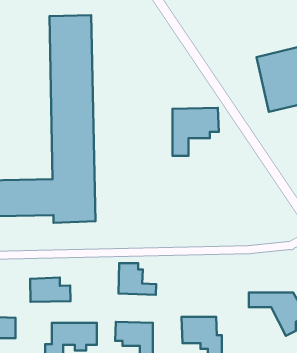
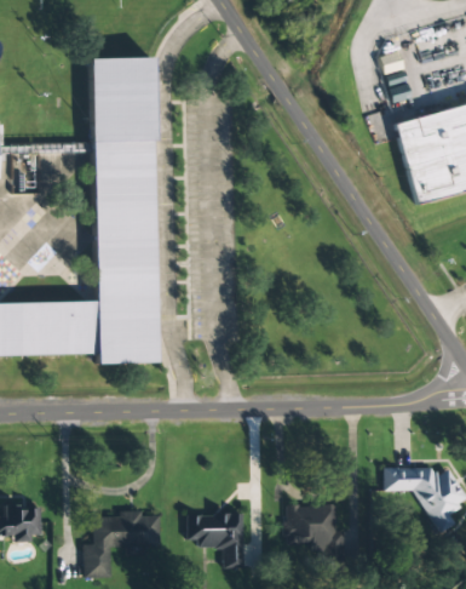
building: [172,108,219,156] -> none
building: [119,263,156,295] -> none
building: [30,277,71,302] -> none

